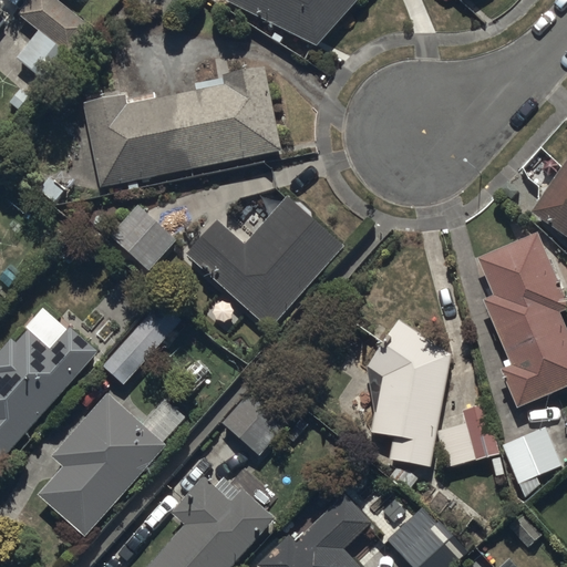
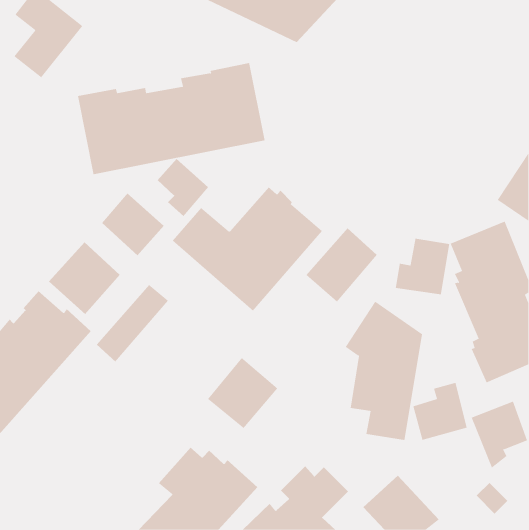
building: none -> [157,158,209,217]
building: none -> [306,227,377,302]
building: none -> [395,238,450,295]
building: none -> [48,241,120,315]
building: [37,393,185,537] -> none

